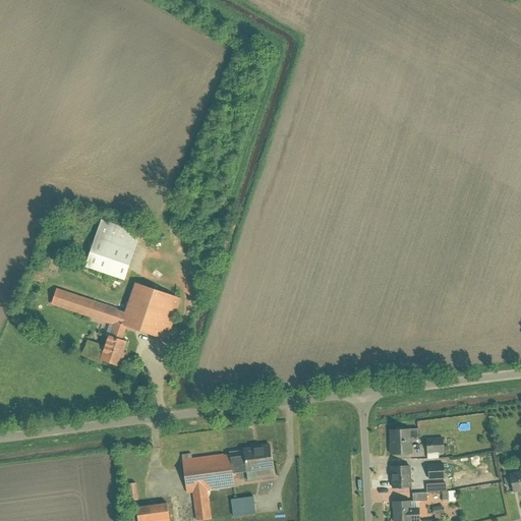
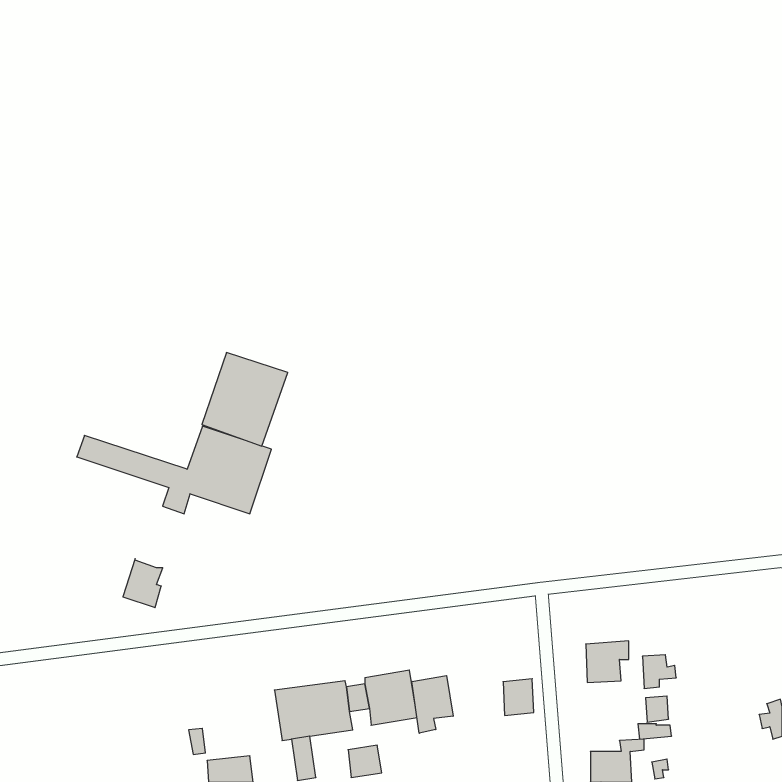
building: [83,219,140,281] -> [202,353,288,446]
building: [100,335,126,367] -> [123,559,163,608]
building: none -> [412,676,453,733]
building: [391,462,411,486] -> [503,679,534,715]

